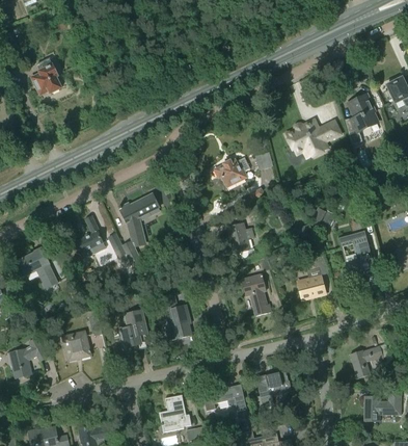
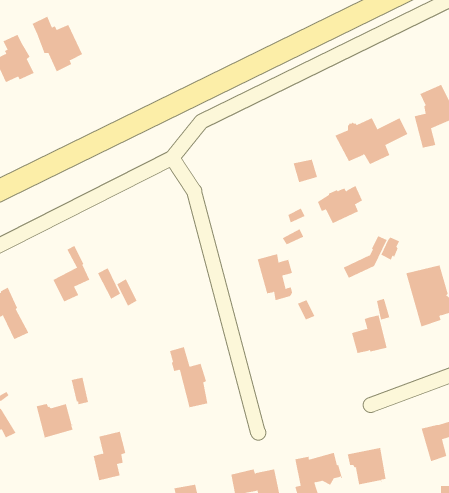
building: none -> [32,16,83,72]
building: [215,157,249,186] -> [317,185,363,224]
building: [118,194,160,246] -> none
building: [241,274,271,316] -> none
building: [120,310,145,347] -> [93,431,126,481]
building: none -> [347,447,386,485]

